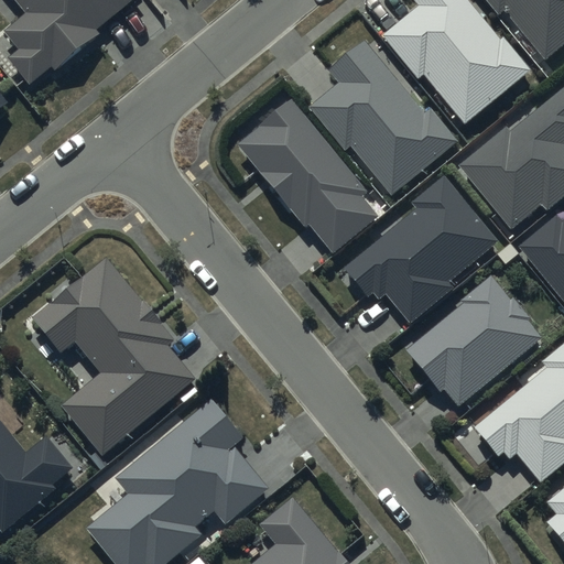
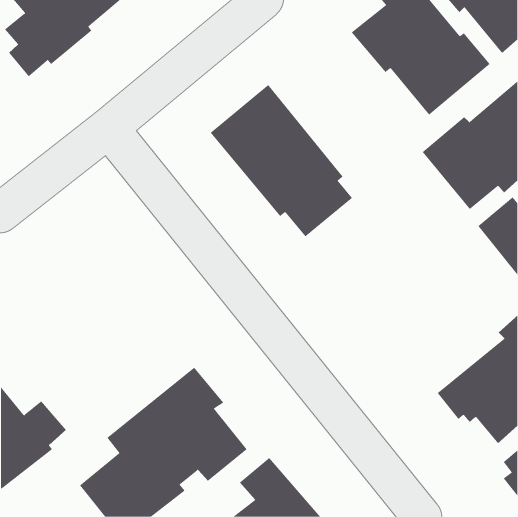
building: [308,40,458,195] -> none
building: [345,175,499,322] -> none
building: [33,258,195,456] -> none
building: [405,275,542,405] -> none

